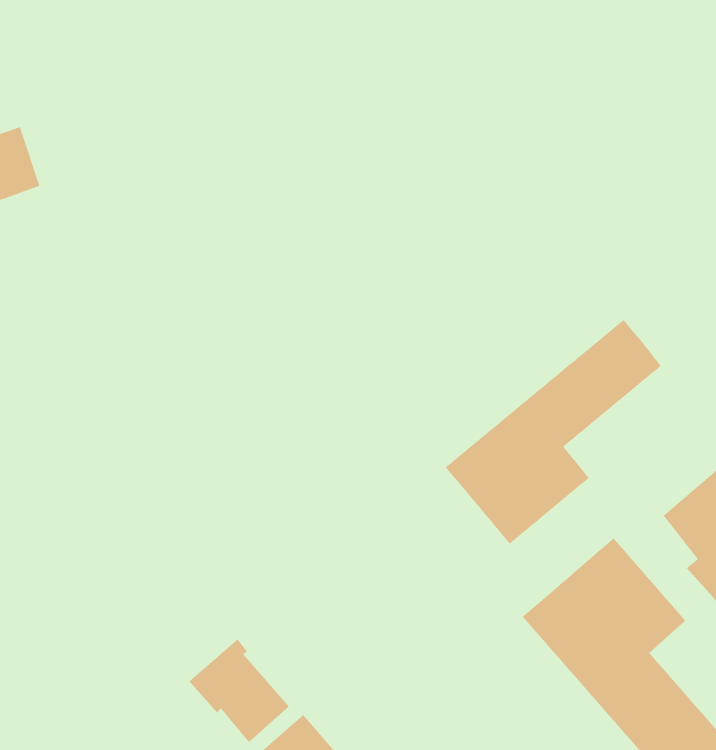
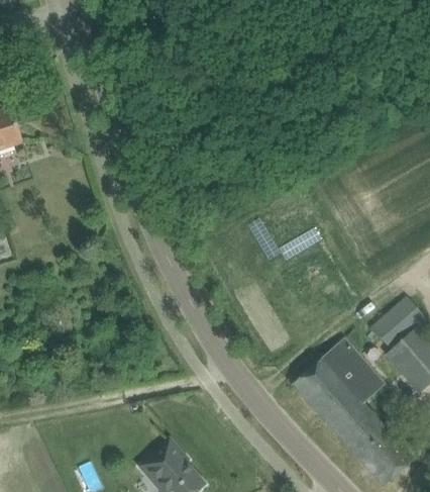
building: [445,319,661,544] -> none
building: [189,638,289,743] -> none

